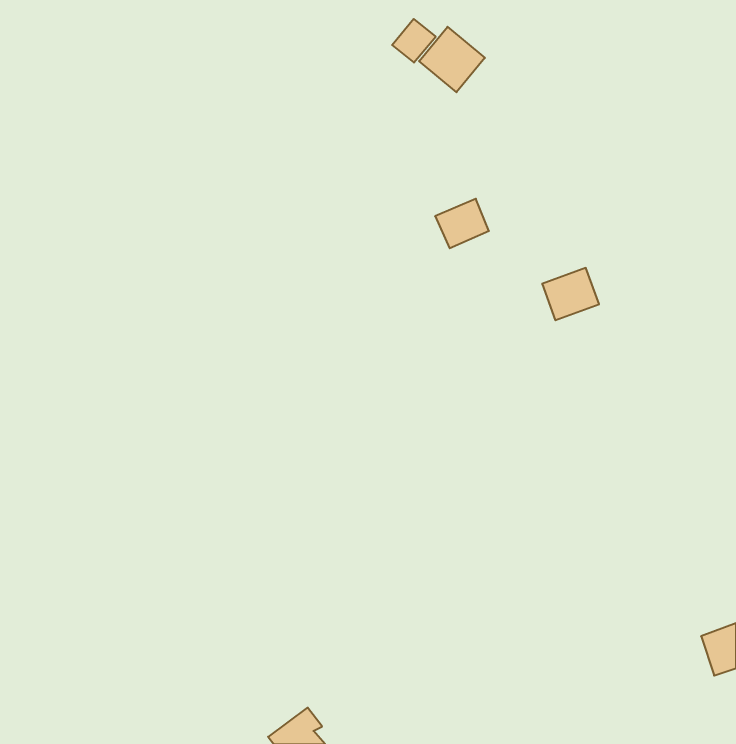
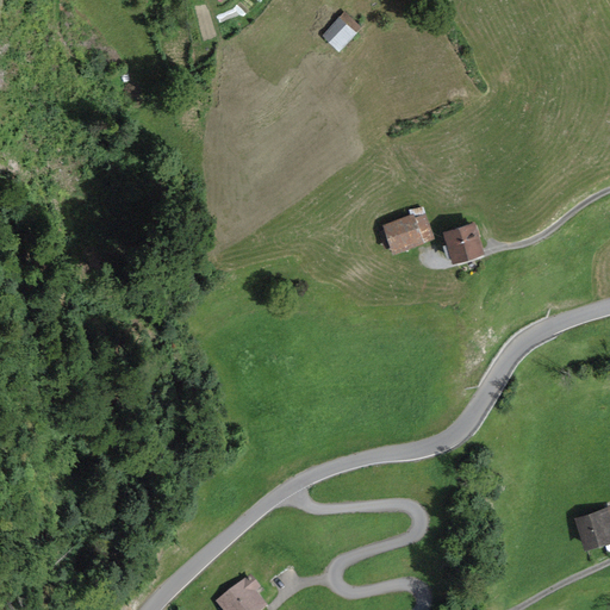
building: [419,27,485,92] -> none
building: [435,199,489,248] -> [382,211,427,251]

